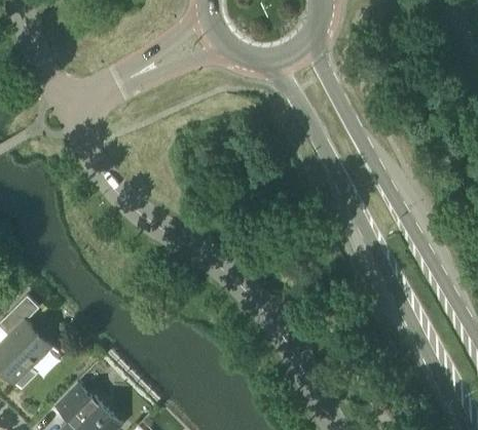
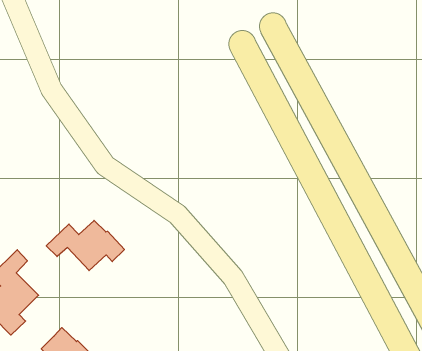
building: none -> [46,220,124,271]

